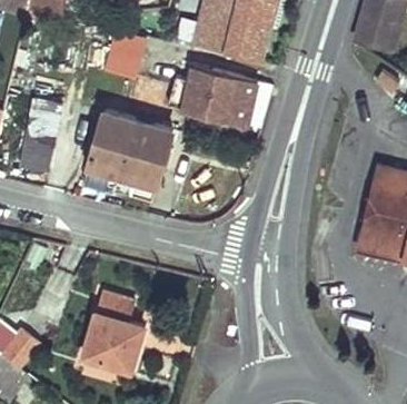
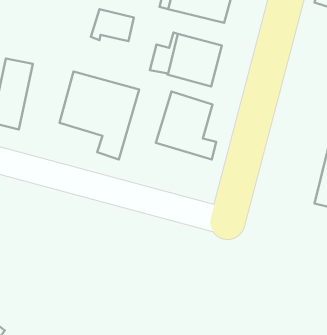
building: none -> [156,92,216,159]
building: [83,294,143,372] -> none

